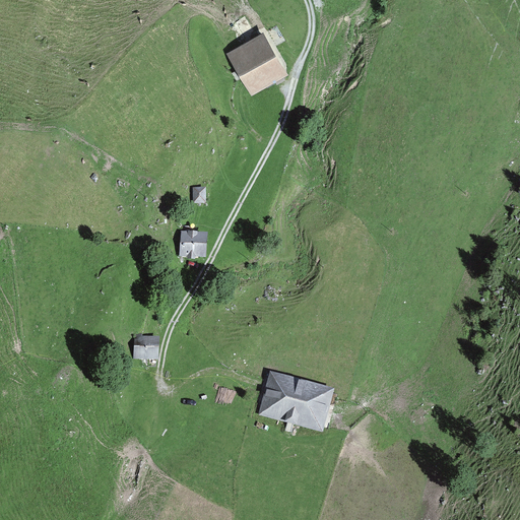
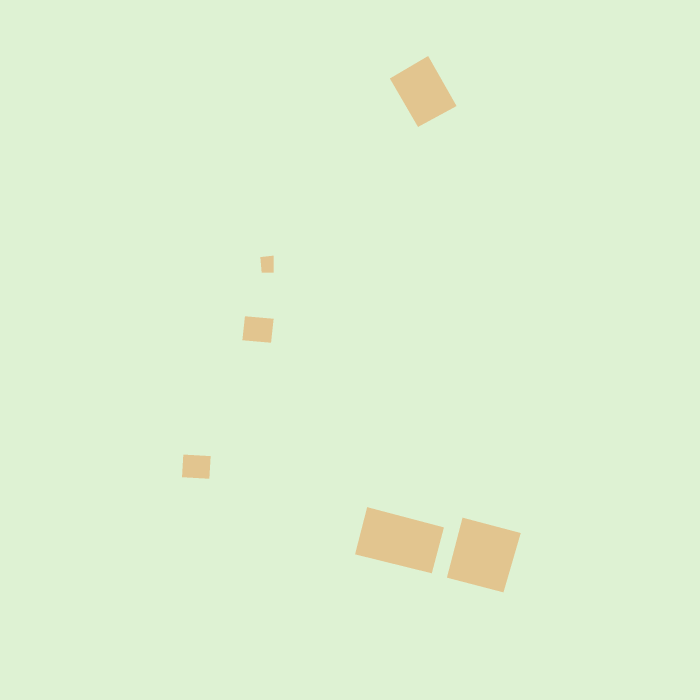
building: [233,34,283,87] -> [389,55,457,128]
building: none -> [446,517,522,593]

